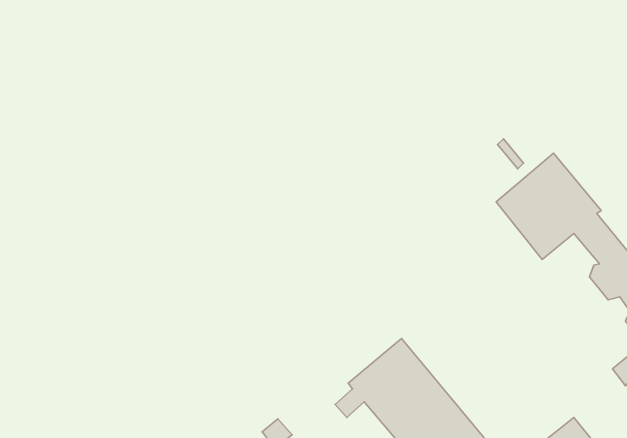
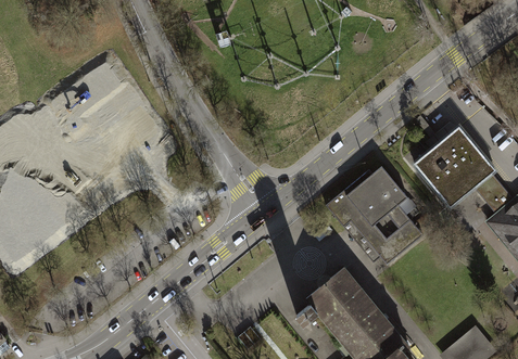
building: none -> [325,165,424,266]

